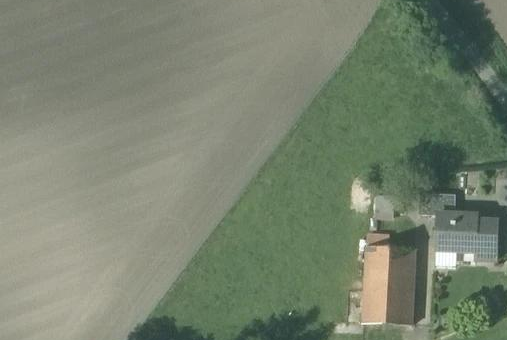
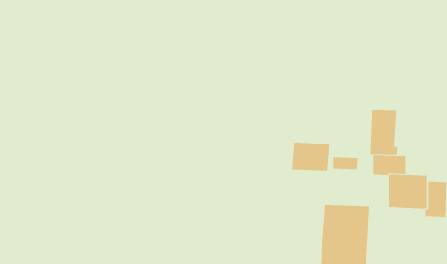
building: none -> [370,109,398,156]
building: none -> [291,142,330,171]

